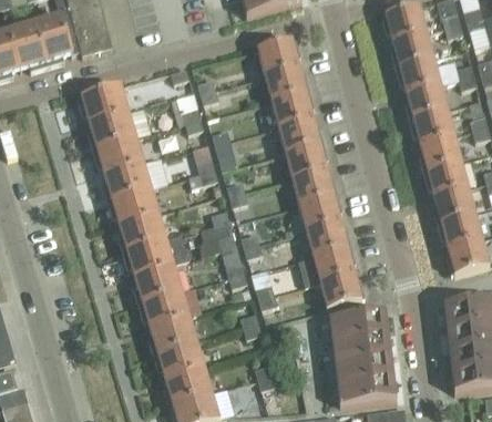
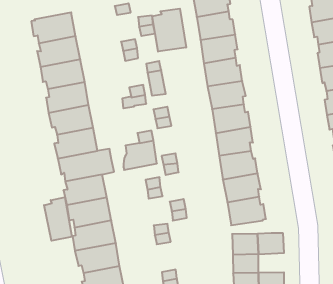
building: none -> [152,9,186,52]
building: none -> [44,197,72,241]
building: [360,331,391,357] -> none

